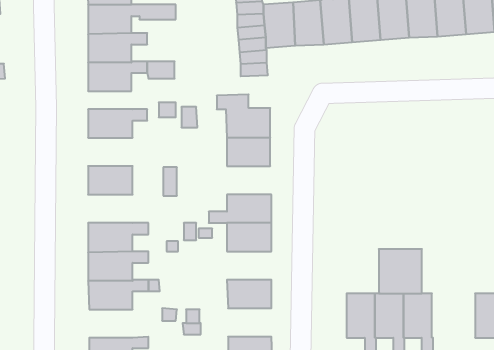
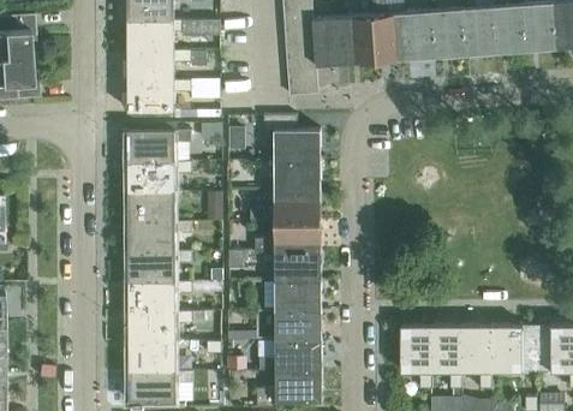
building: none -> [127,161,191,191]
building: none -> [250,191,321,221]
building: none -> [127,221,191,251]
building: [379,249,422,293] -> [490,326,536,373]
building: none -> [274,281,321,311]
building: none -> [275,341,321,371]
building: none -> [129,342,174,373]

